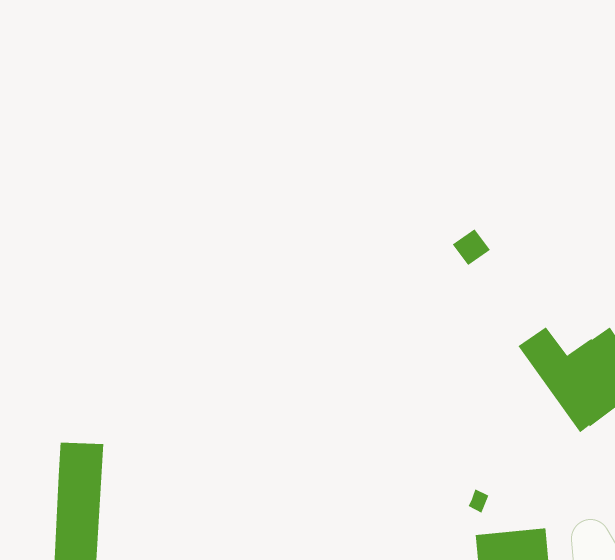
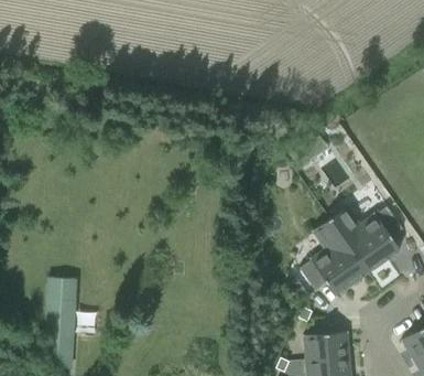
building: none -> [300,218,368,296]

